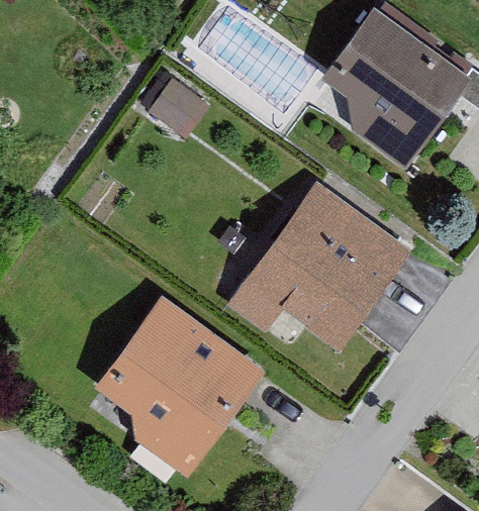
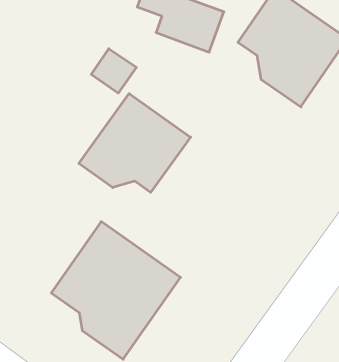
building: none -> [79,94,191,192]
building: [244,188,400,332] -> none

